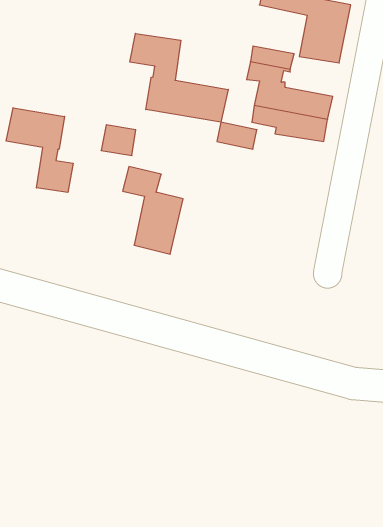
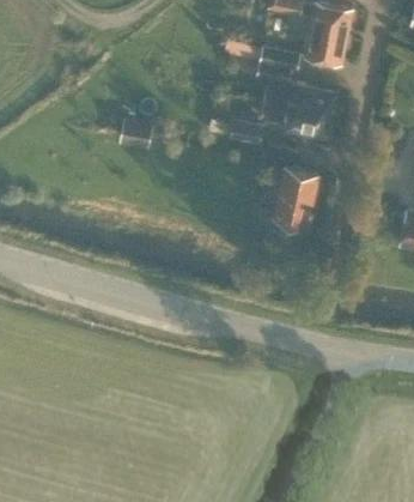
building: [130,33,228,122] -> none
building: [6,108,73,192] -> none
building: [123,167,183,254] -> [263,143,319,224]

